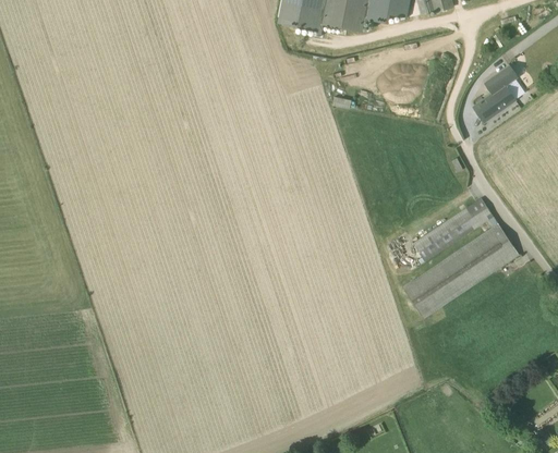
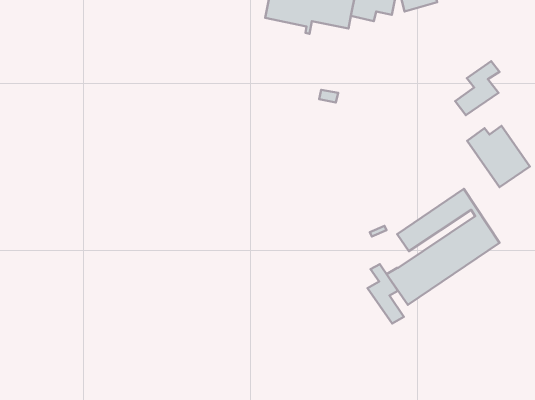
building: none -> [467,126,530,187]
building: none -> [368,264,404,324]

